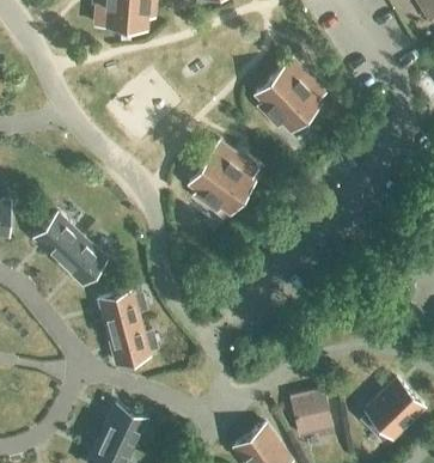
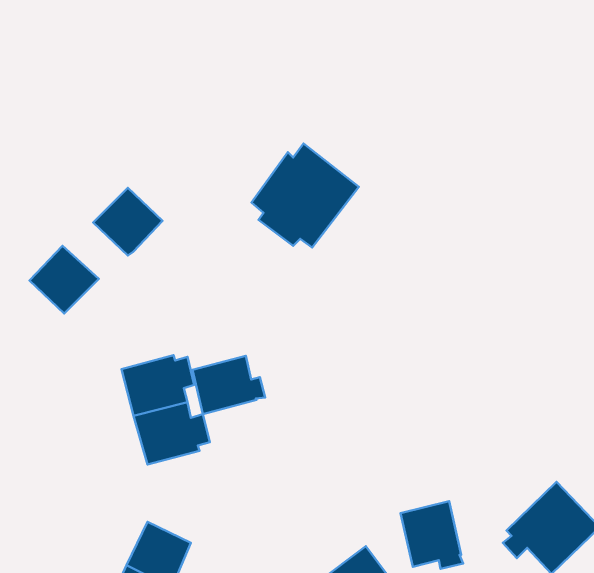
building: [255,57,326,133] -> none
building: [59,238,106,285] -> [93,188,163,255]
building: none -> [192,356,265,414]

